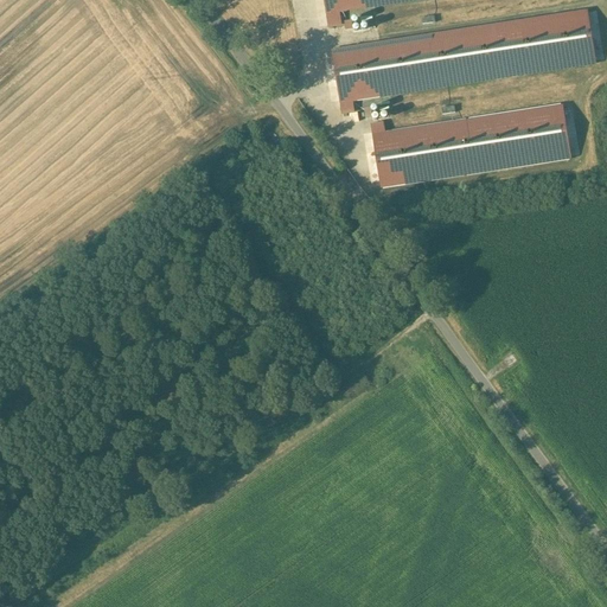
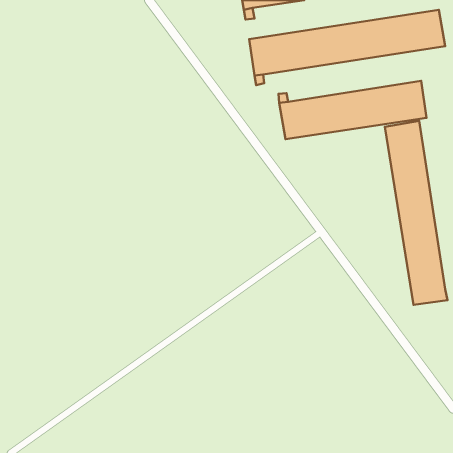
building: none -> [385,121,447,305]

